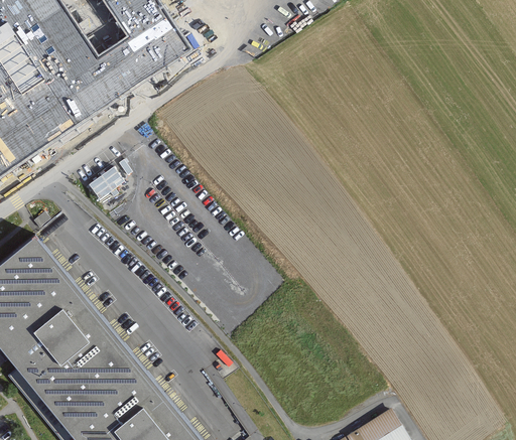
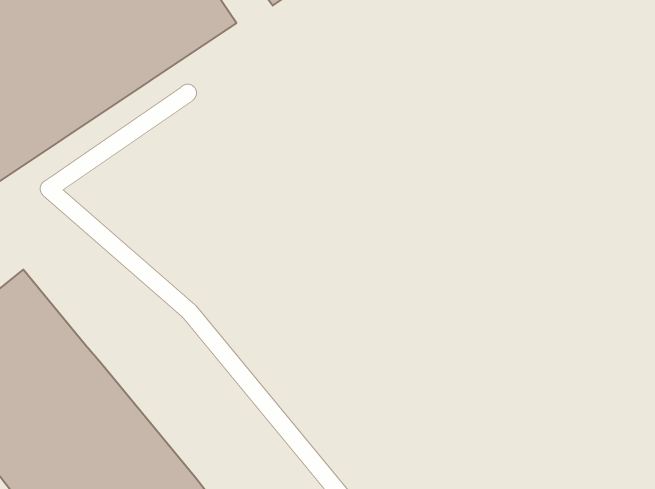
building: [86,163,123,200] -> none

